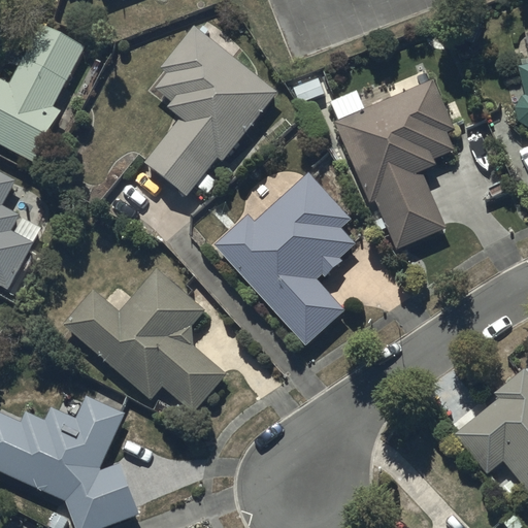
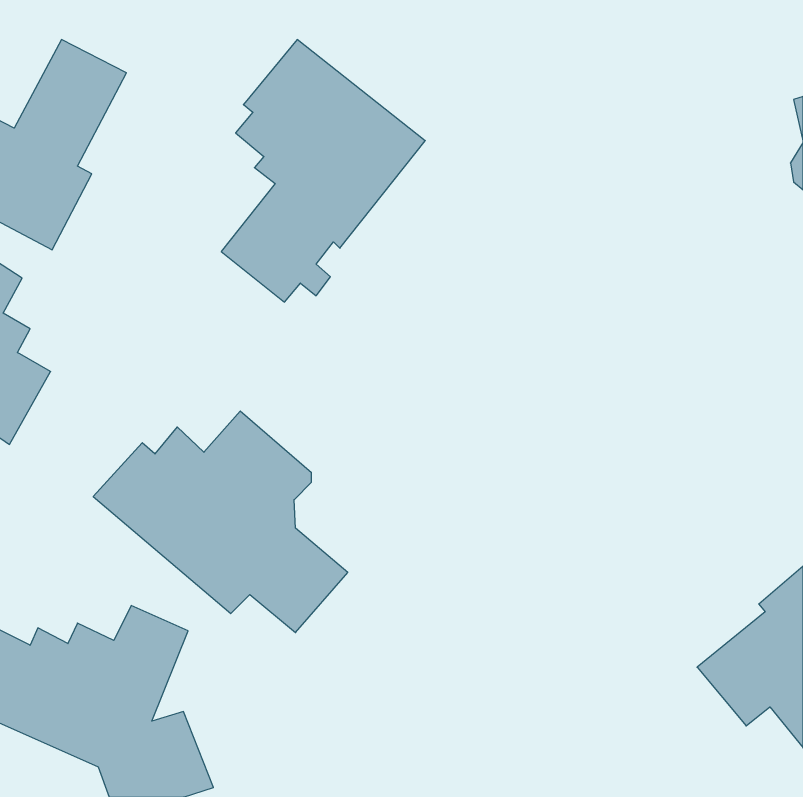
building: [329,62,455,250] -> none
building: [213,171,355,346] -> none

